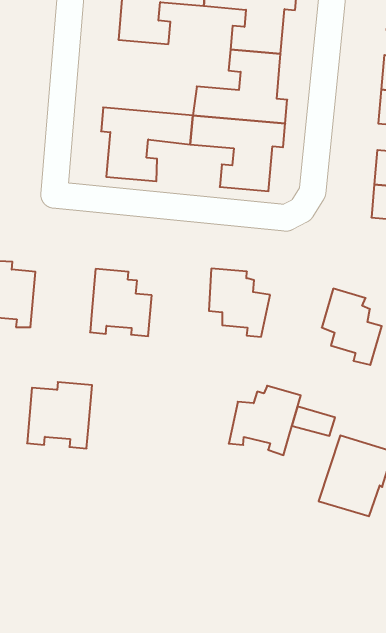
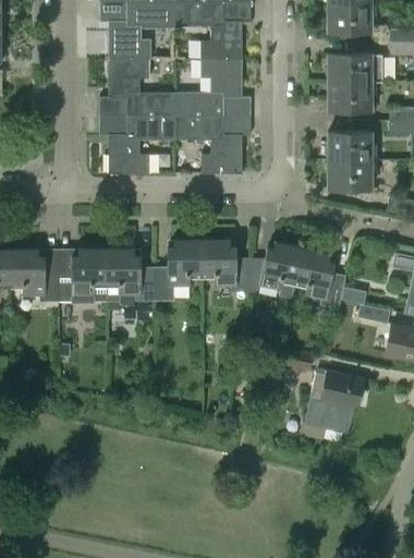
building: none -> [100,59,176,116]
building: none -> [155,240,203,300]
building: [27,382,92,448] -> [58,248,107,301]
building: [229,386,301,455] -> [247,242,303,298]

